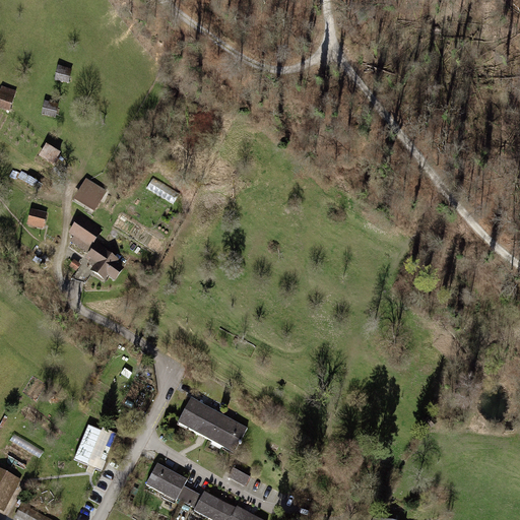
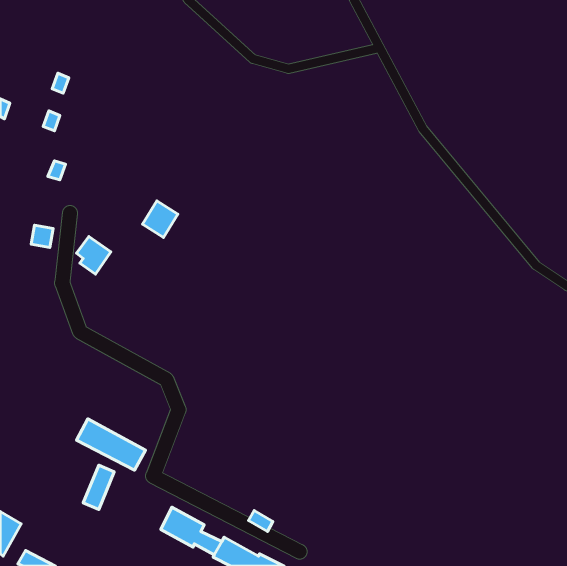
building: [72,179,105,212] -> [142,201,178,237]
building: [88,245,122,278] -> none
building: [178,401,241,448] -> [77,419,145,470]

